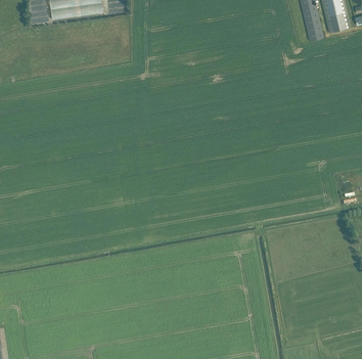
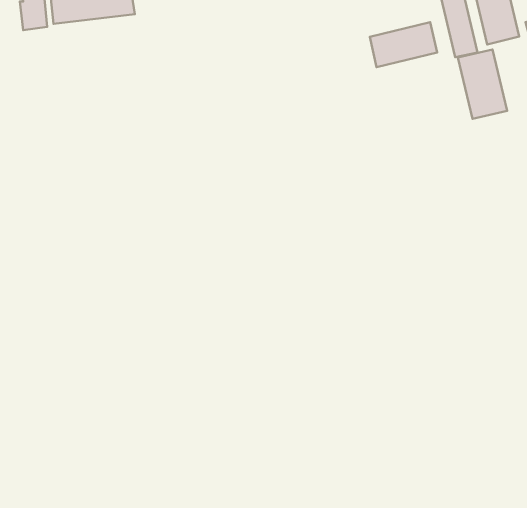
building: none -> [370,22,437,67]
building: none -> [458,50,507,119]

